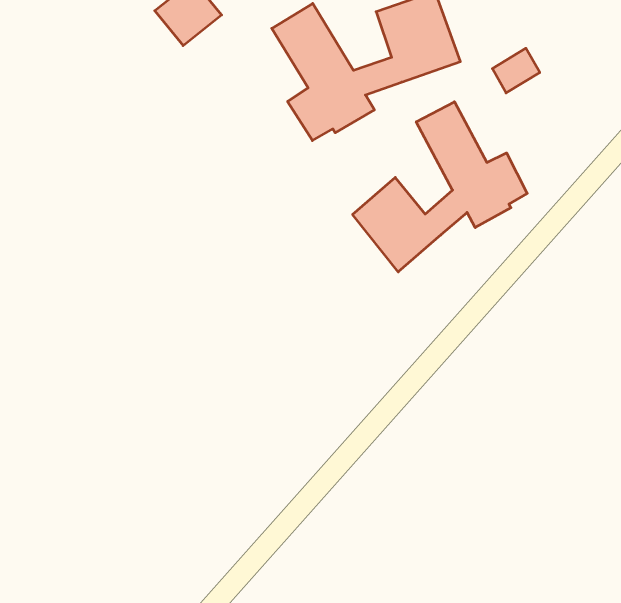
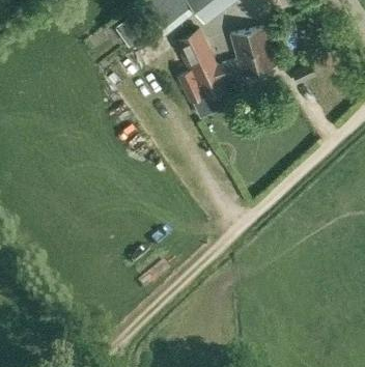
building: [353,102,527,272] -> none

